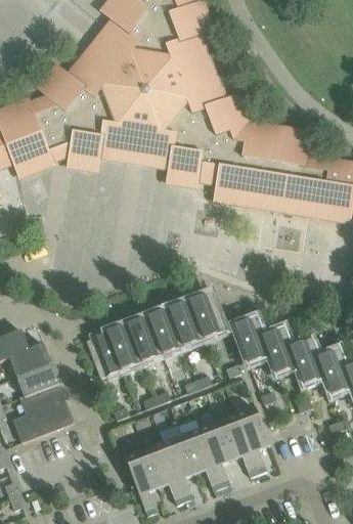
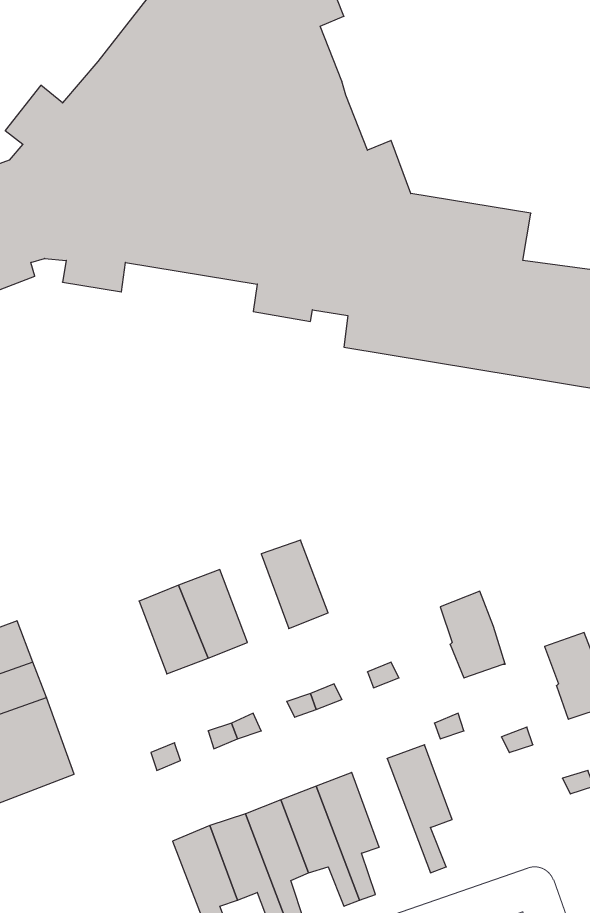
building: [190,292,225,338] -> none
building: [148,307,184,353] -> none
building: [233,316,269,361] -> none
building: [85,332,121,378] -> none
building: [291,338,324,383] -> none
building: [217,413,258,476] -> none

